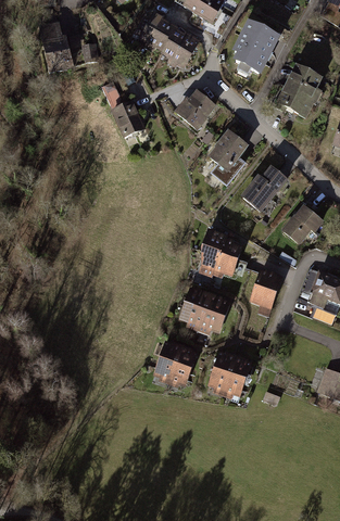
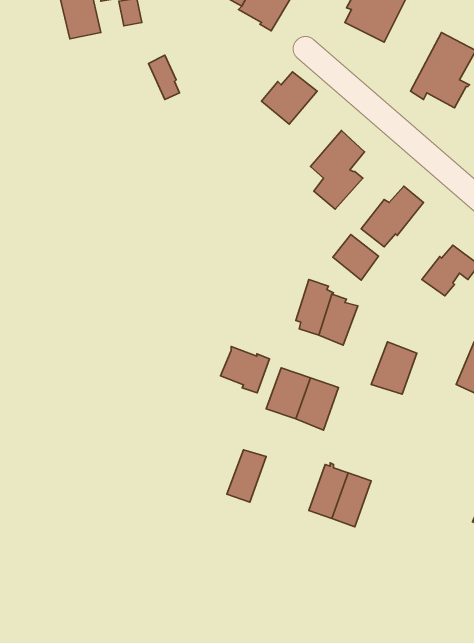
building: [113,102,143,136] -> none
building: none -> [333,235,379,280]
building: none -> [220,347,270,393]
building: [169,347,196,383] -> none

